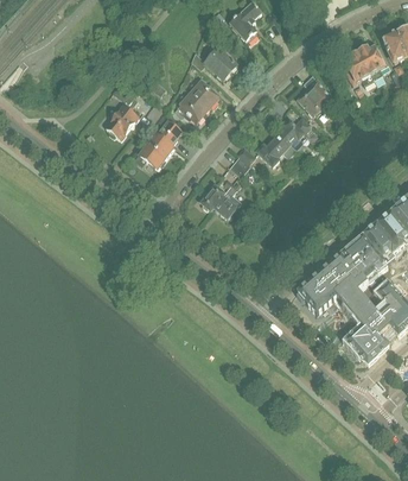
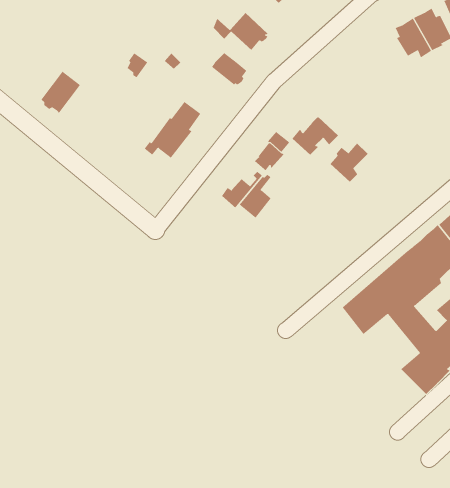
building: [298,74,330,114] -> none
building: [173,91,209,121] -> none
building: [106,103,139,139] -> [41,71,81,114]
building: [279,115,311,148] -> [330,142,368,183]

